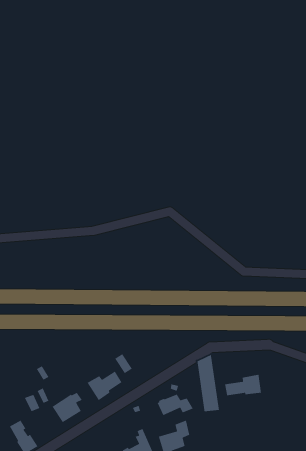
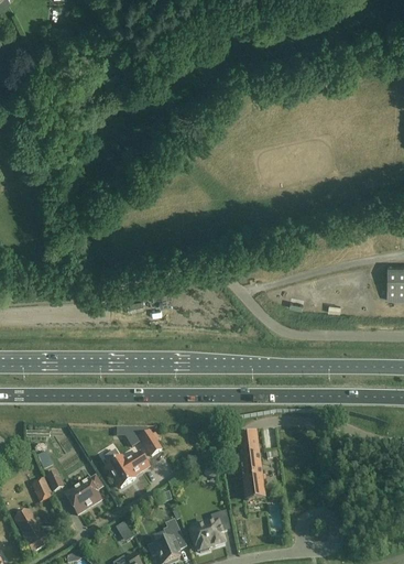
building: [224,374,262,396] -> none
building: [157,394,194,416] -> none

